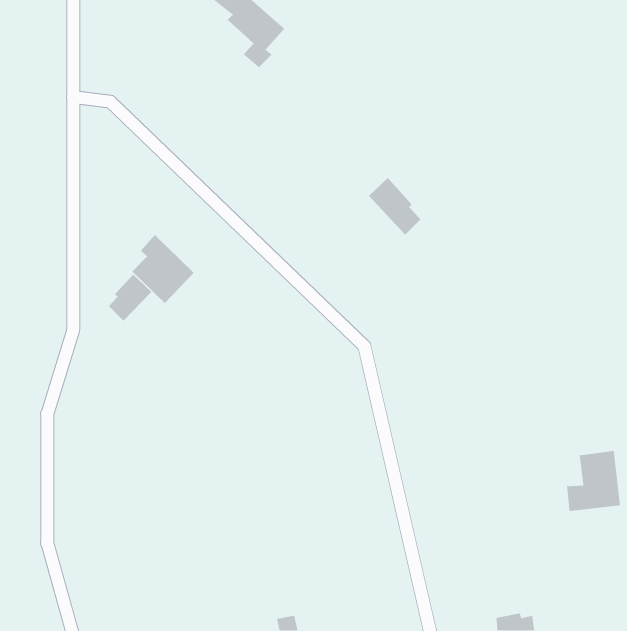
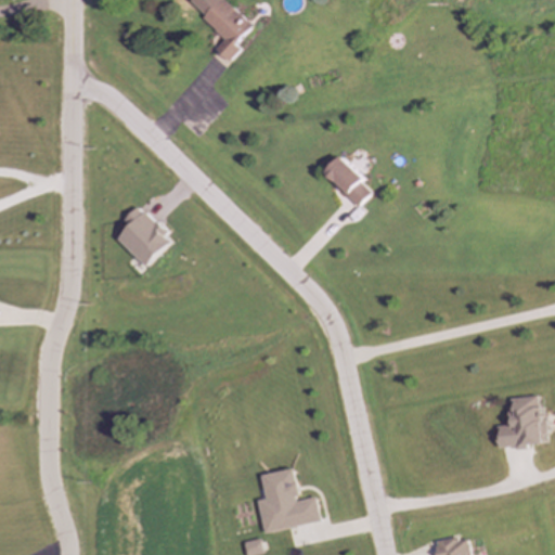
building: [108,274,152,322] -> none
building: none -> [257,467,320,531]

